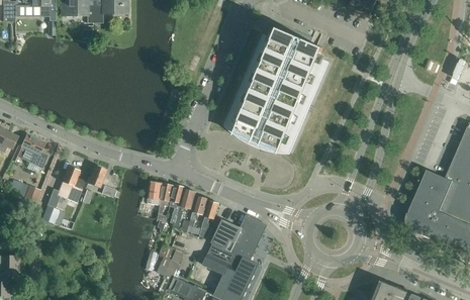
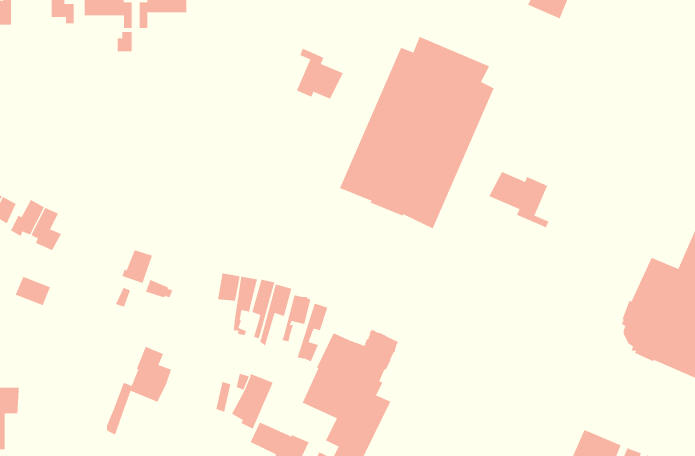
building: none -> [296,48,343,100]
building: none -> [489,171,549,228]
building: [41,166,84,223] -> [106,346,172,435]

